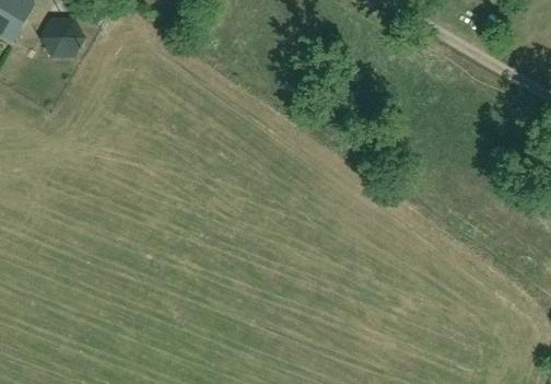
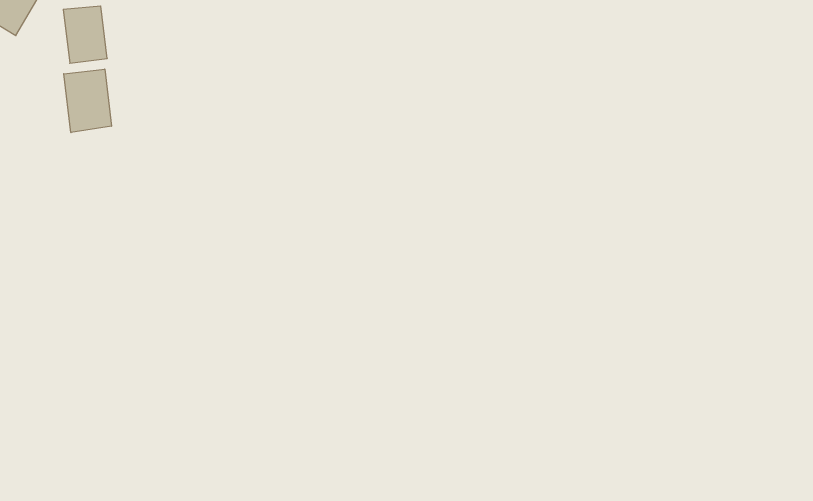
building: none -> [64,69,111,133]

